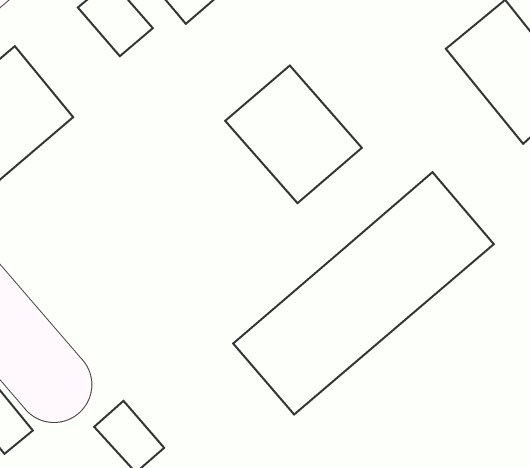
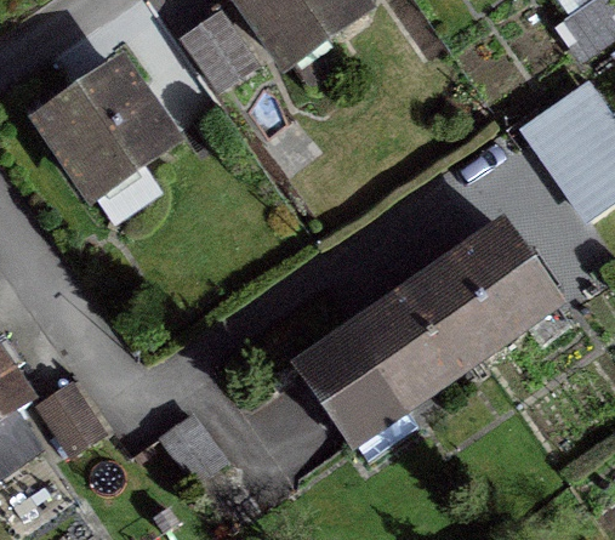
building: [225,65,362,203] -> none

